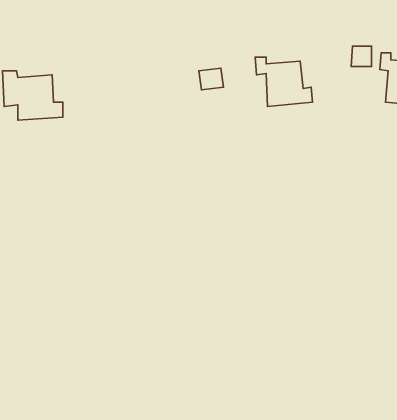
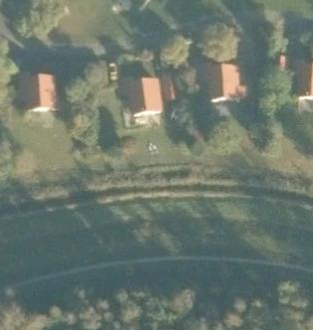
building: none -> [124,77,161,113]

